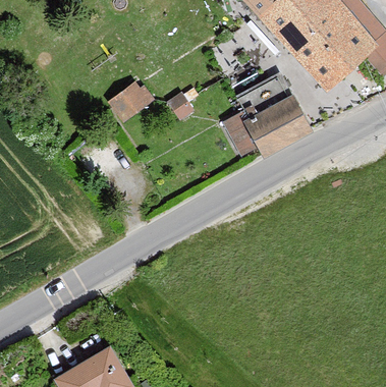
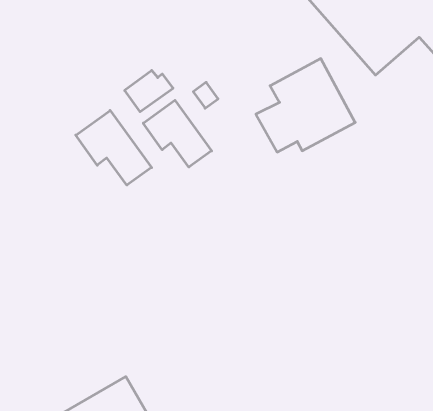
building: none -> [143,100,212,167]
building: none -> [76,110,152,185]

